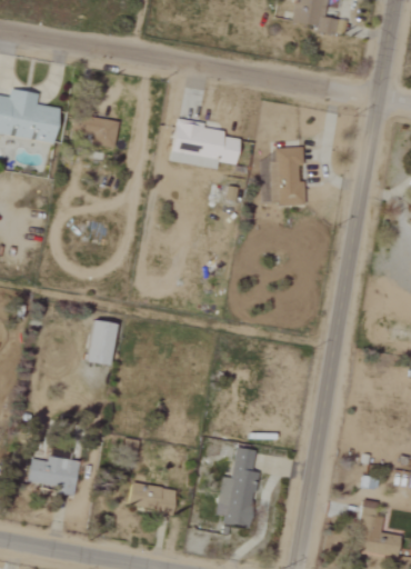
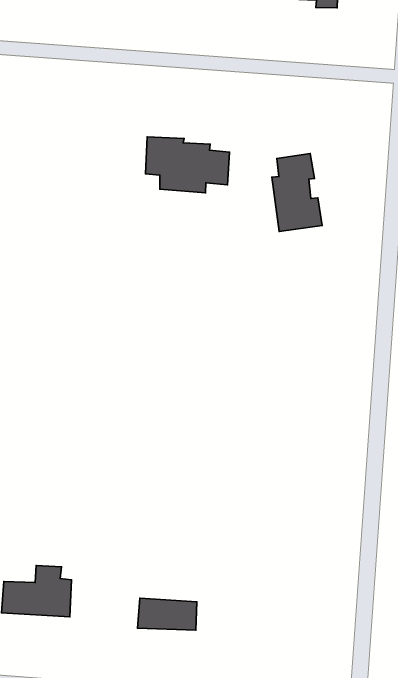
building: [72,113,120,146] -> none
building: [87,321,113,365] -> none
building: [218,448,257,528] -> none

